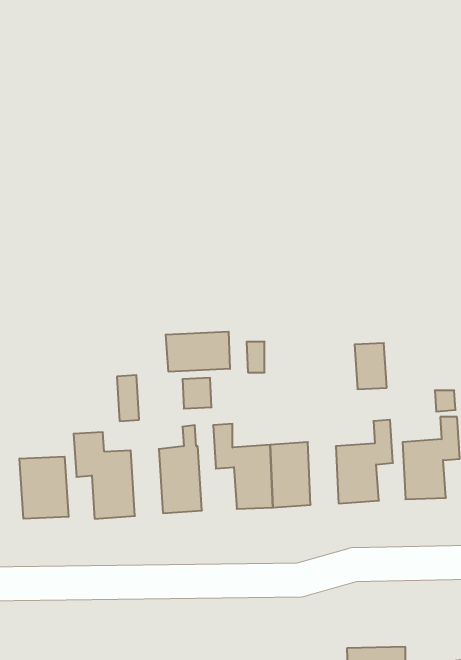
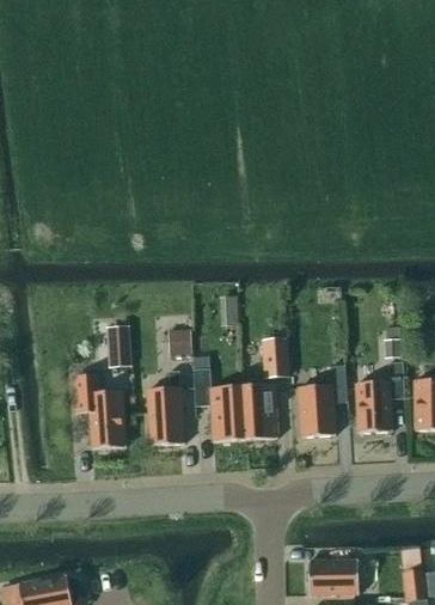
building: [166,332,230,372] -> none
building: [355,343,387,389] -> [262,337,289,377]
building: [20,457,68,519] -> none

